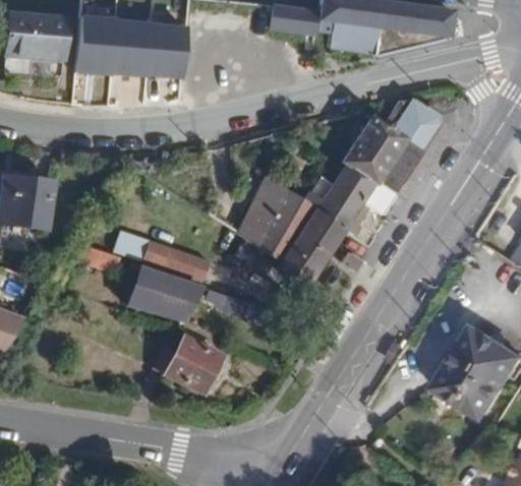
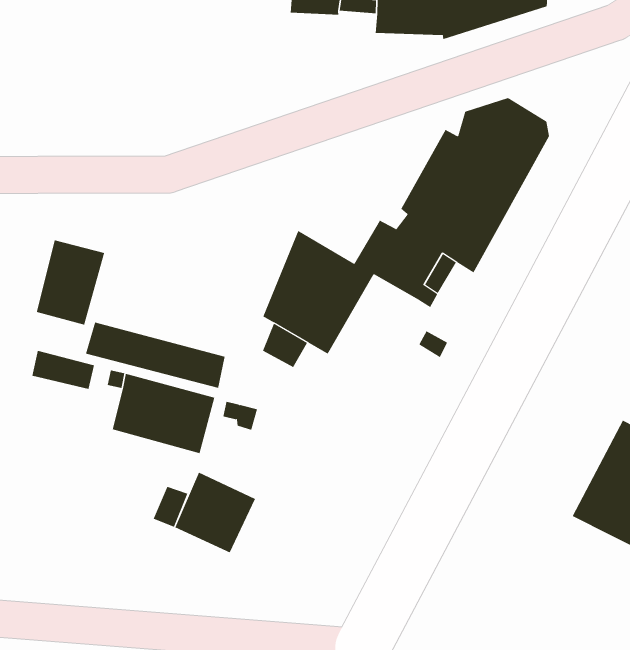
building: [77,15,188,77] -> none
building: none -> [36,240,105,326]
building: [275,211,344,290] -> none

